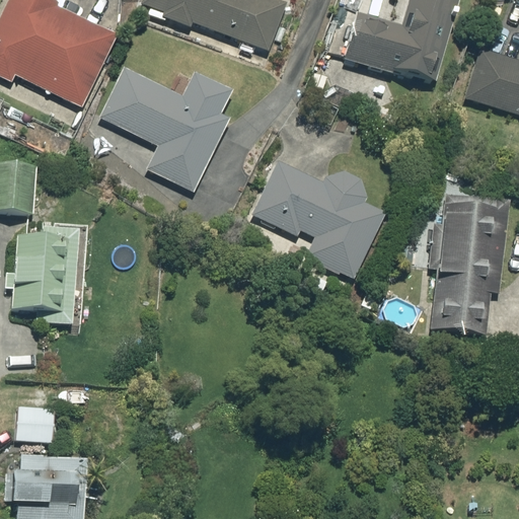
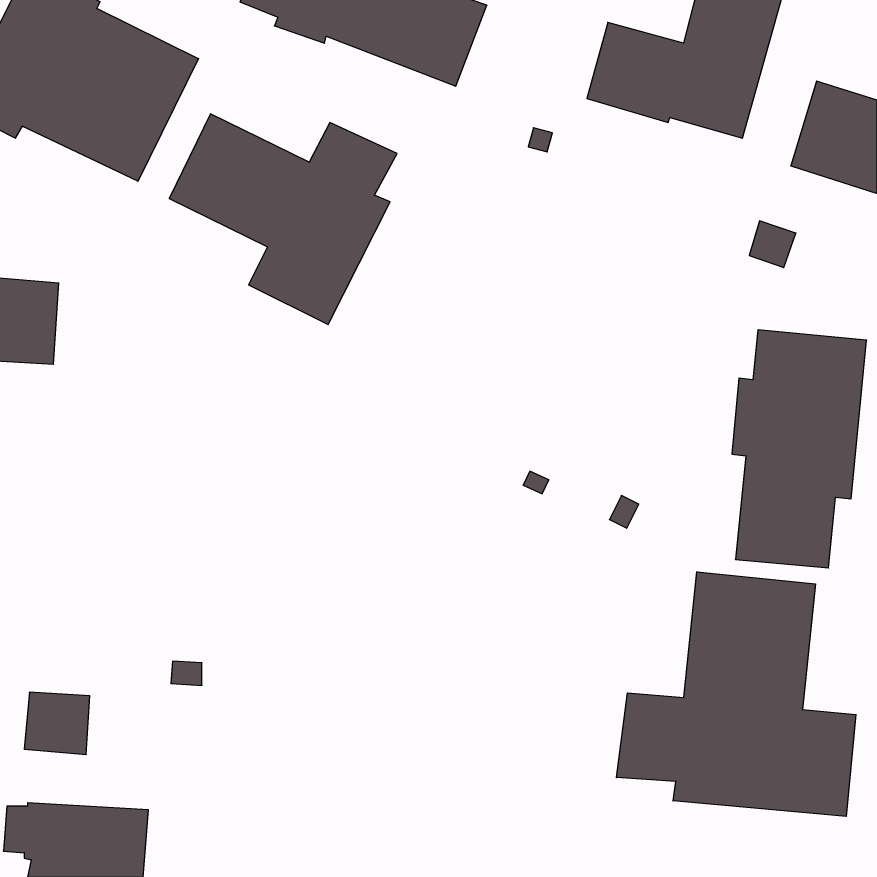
building: [250,160,385,278] -> none
building: [5,227,79,325] -> none
building: none -> [616,572,856,816]

